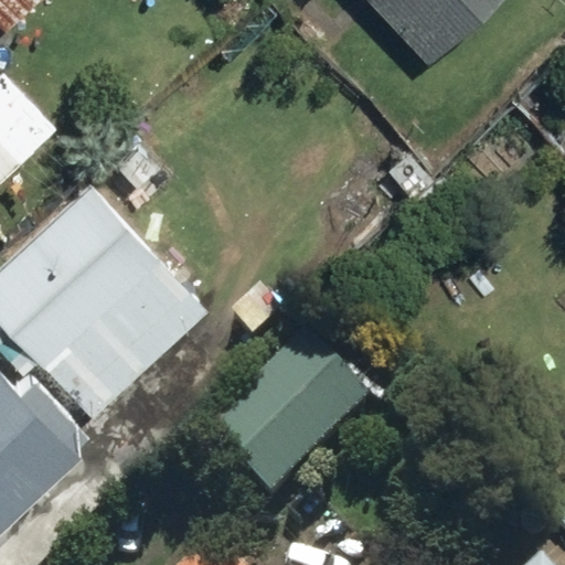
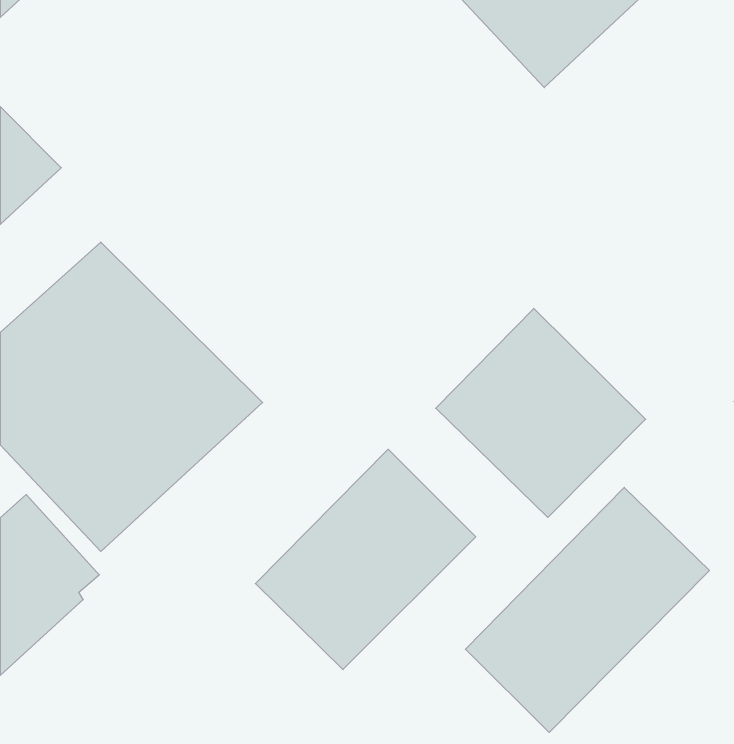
building: none -> [436,308,646,517]
building: none -> [465,487,709,732]

